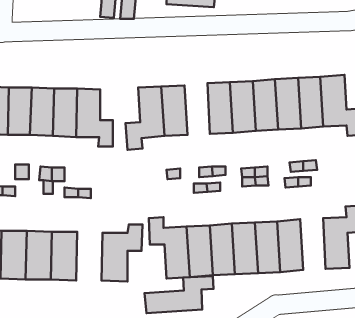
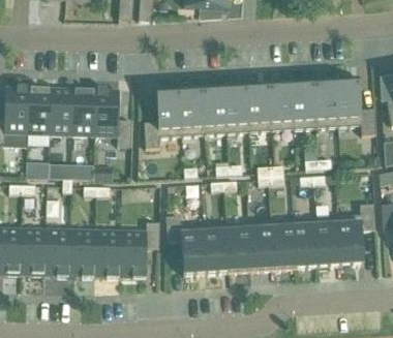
building: none -> [201,84,225,134]
building: none -> [314,216,339,267]
building: none -> [94,229,120,277]
building: [145,276,213,313] -> none

